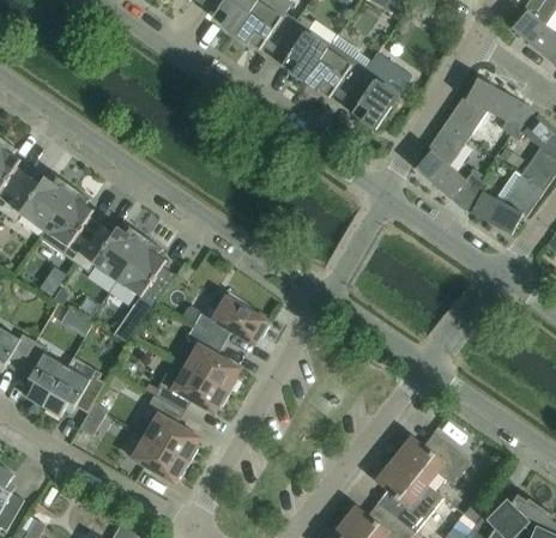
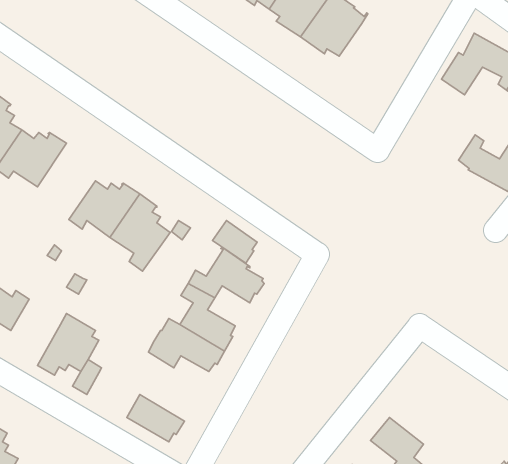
building: [343,59,406,129] -> none
building: [415,123,478,204] -> none
building: [38,187,101,262] -> none
building: none -> [212,220,257,263]
building: [17,341,66,407] -> none
building: [140,394,200,463] -> none
building: [393,435,470,485] -> none

